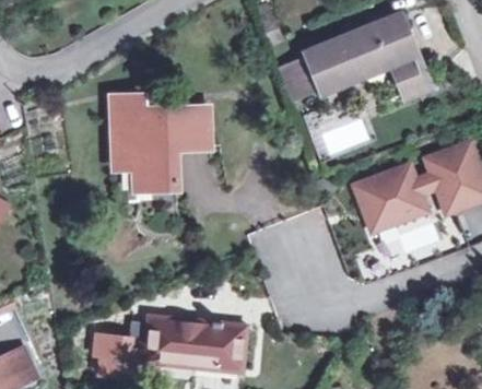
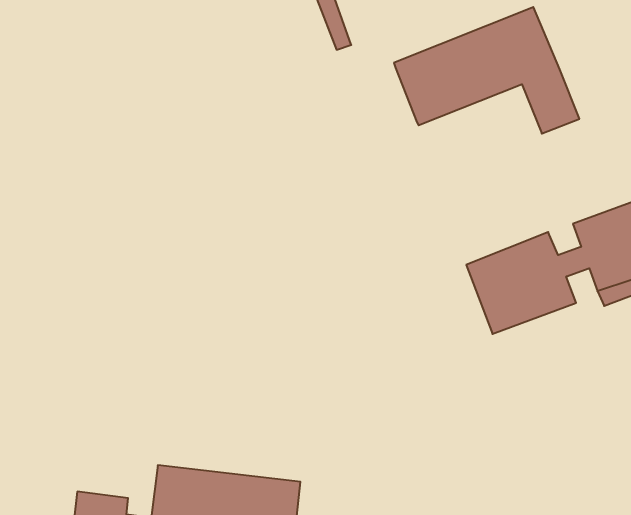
building: [278,52,321,101] -> none
building: [113,95,210,189] -> none

